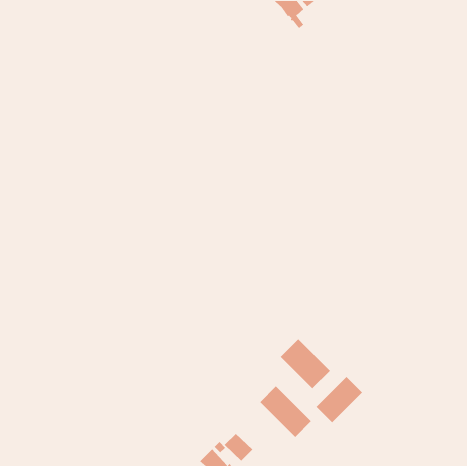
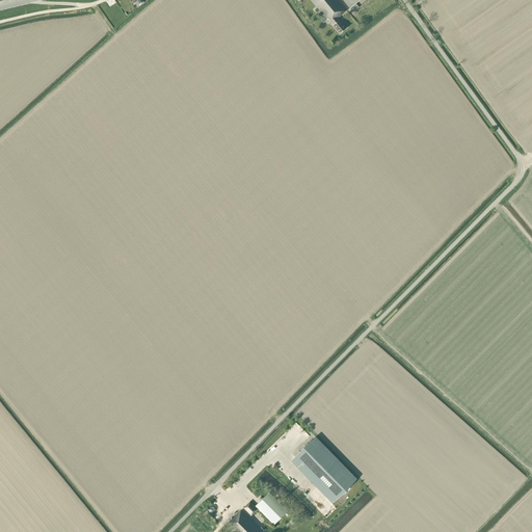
building: [280,338,331,389] -> none
building: [316,376,363,423] -> none

